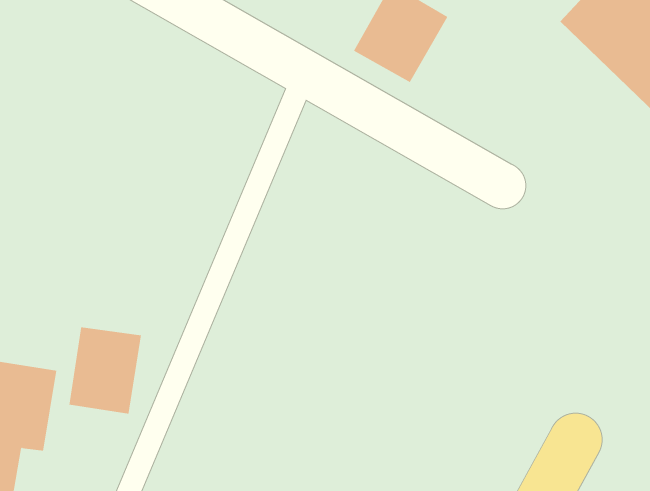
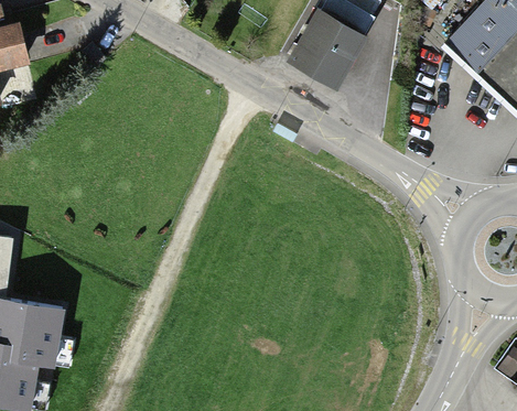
building: [69,326,142,415] -> none

